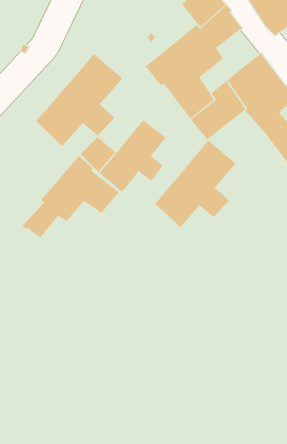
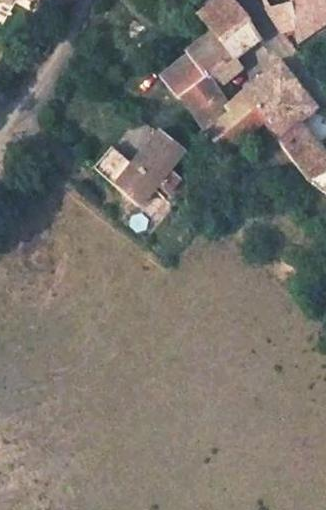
building: [36,53,123,147] -> none
building: [154,139,236,228] -> none
building: [22,155,119,238] -> none

